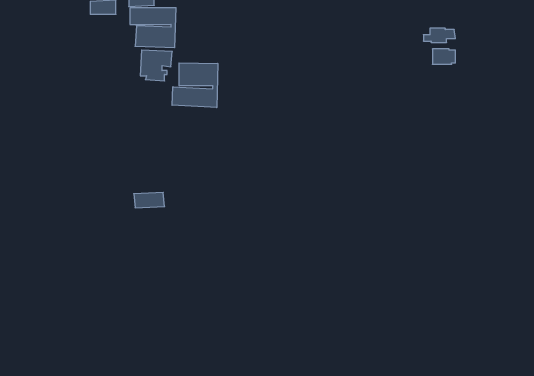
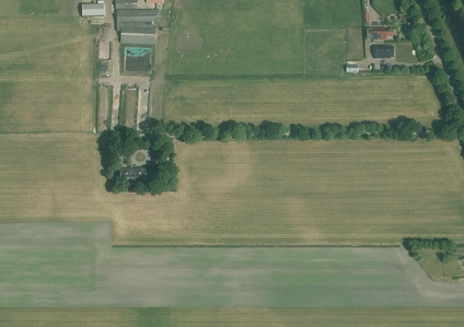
building: [172,63,218,108] -> none

